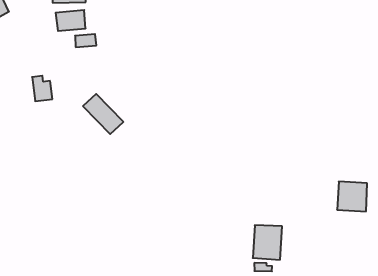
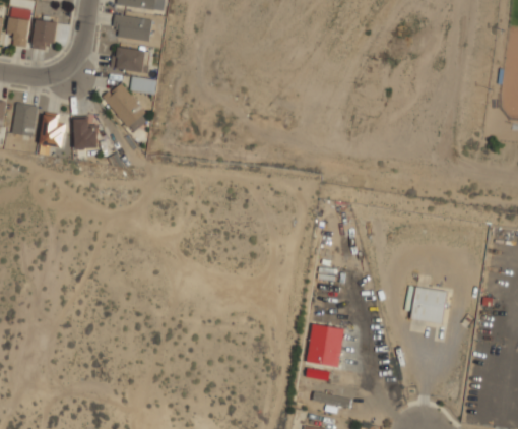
building: none -> [40,112,65,147]
building: [83,94,123,134] -> [104,82,148,131]

